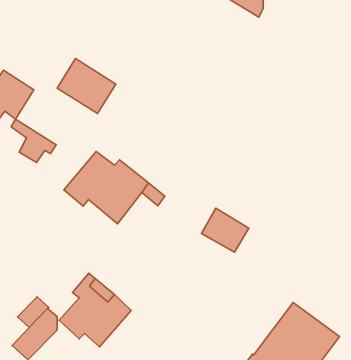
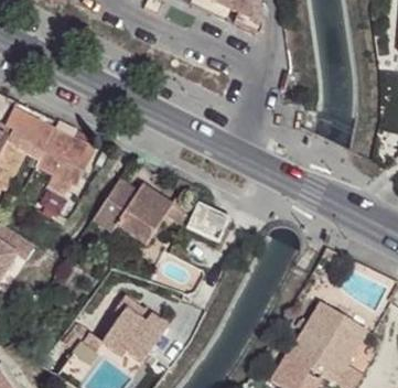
building: [57,59,116,114] -> [40,126,95,175]
building: [202,208,249,252] -> [186,201,230,240]

